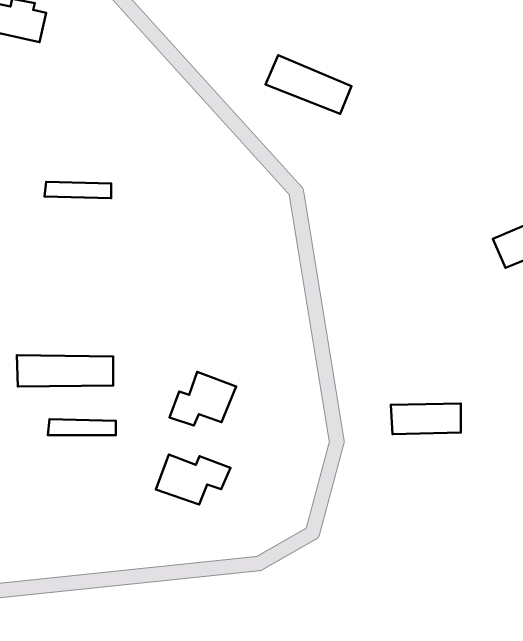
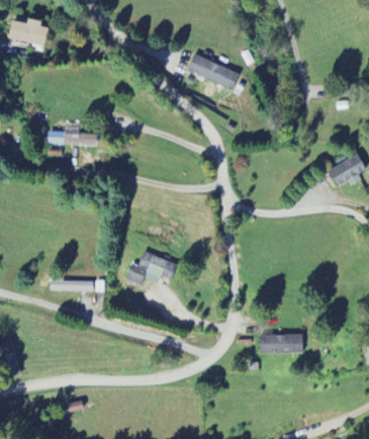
building: [17,355,113,386] -> none
building: [391,403,461,434] -> [260,334,303,353]
building: [156,454,230,505] -> none

